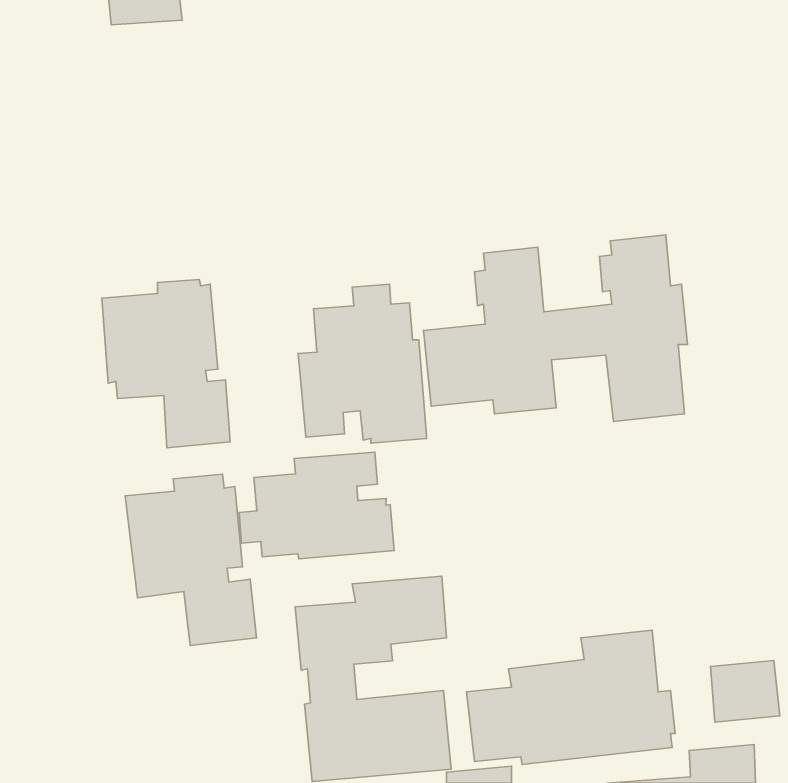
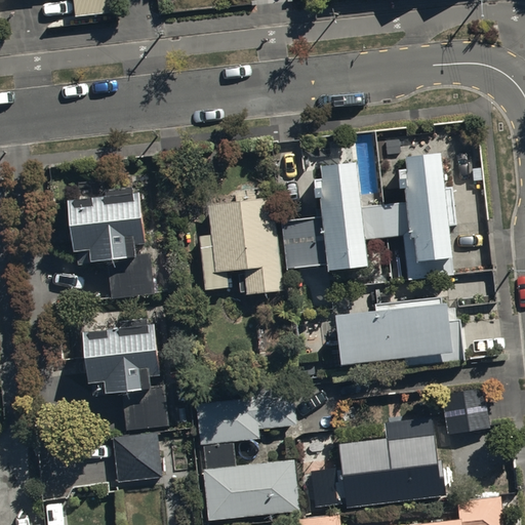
building: [239,452,394,559] -> none
building: none -> [336,301,461,366]
building: none -> [113,430,162,481]
building: [710,660,780,722] -> [442,389,488,430]

